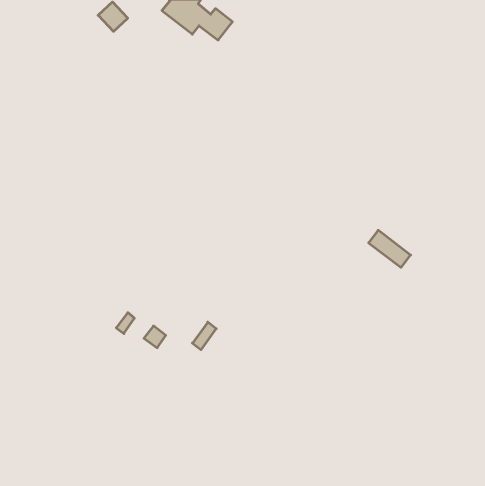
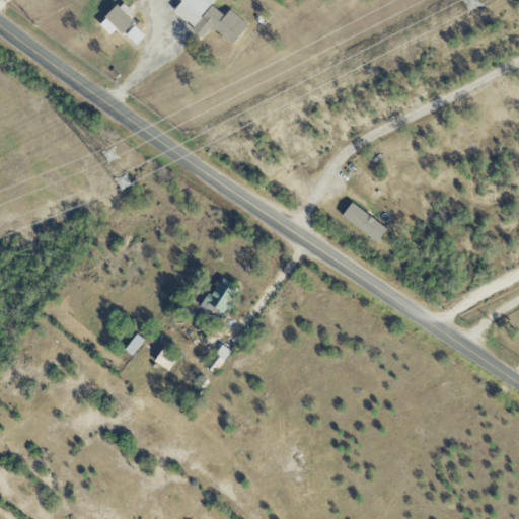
building: [369,230,411,267] -> [342,201,386,240]
building: none -> [202,278,235,317]

